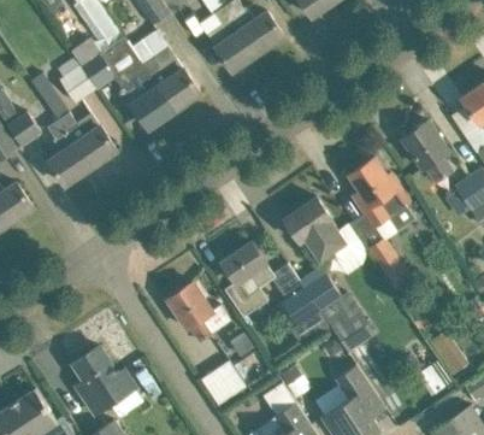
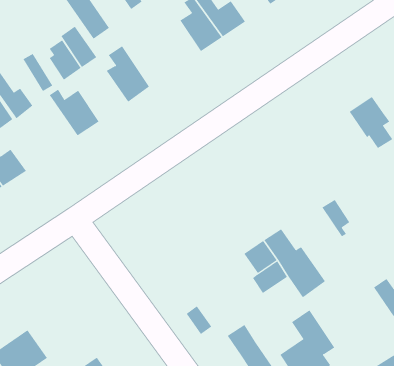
building: [132,30,201,111] -> none
building: [48,120,92,186] -> none
building: [349,159,417,228] -> none
building: [283,198,347,263] -> none
building: [223,242,276,318] -> none
building: [169,283,231,342] -> none
building: [73,347,134,415] -> none

